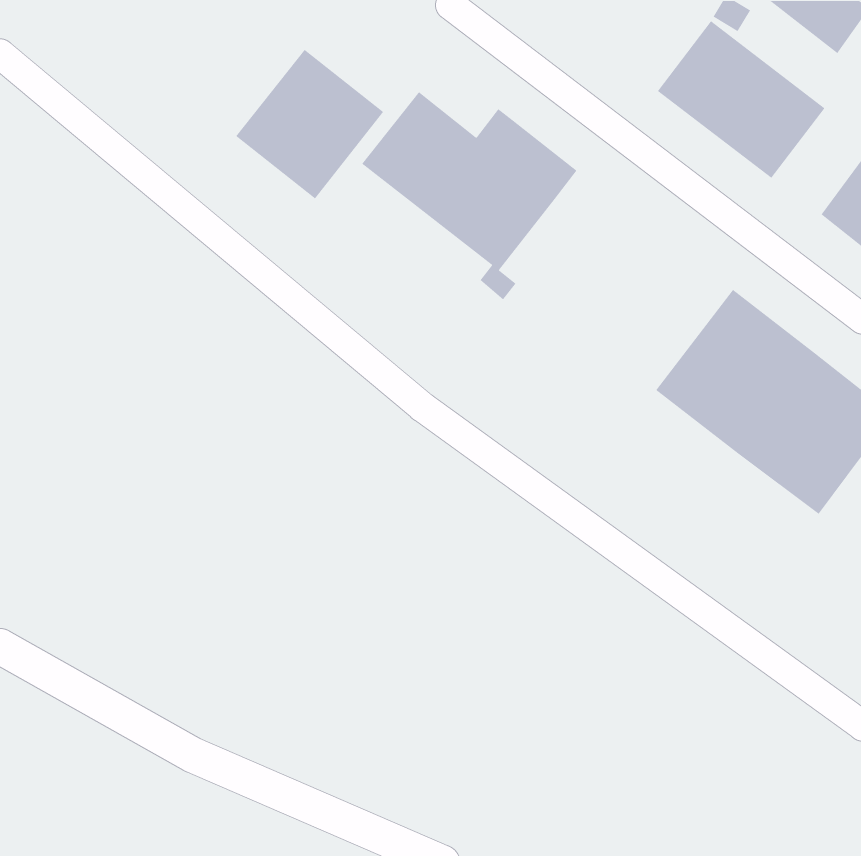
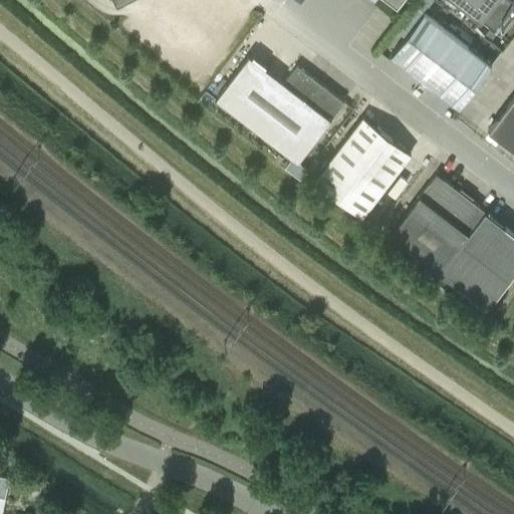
building: [235,49,384,200] -> none
building: none -> [315,120,412,220]

